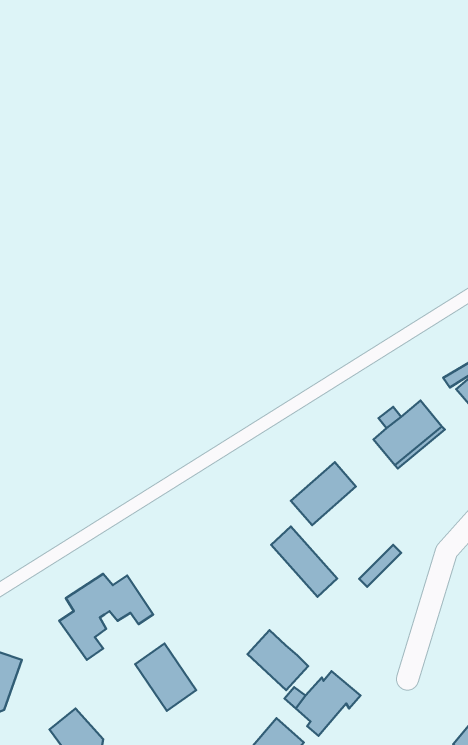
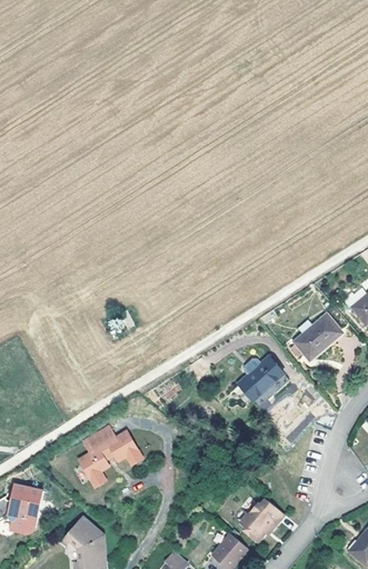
building: [271,526,337,597] -> none
building: [247,630,308,690] -> none
building: [135,643,196,711] -> none

